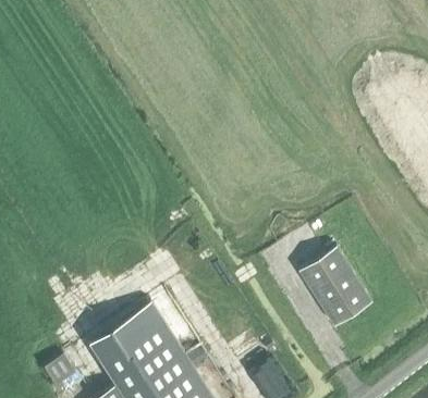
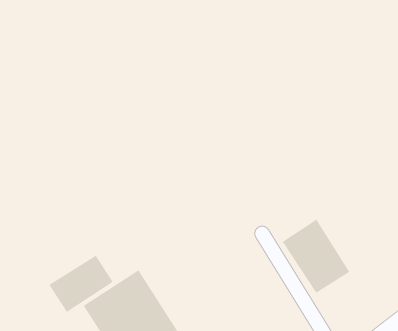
building: none -> [48,255,114,313]

